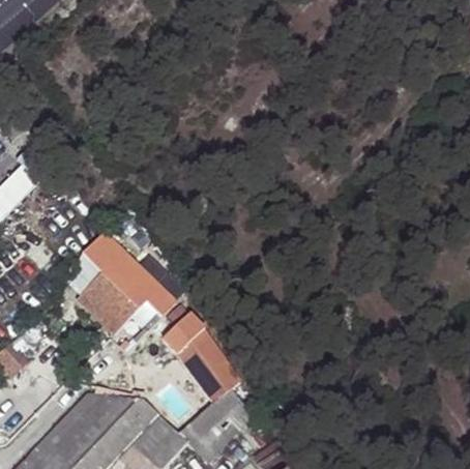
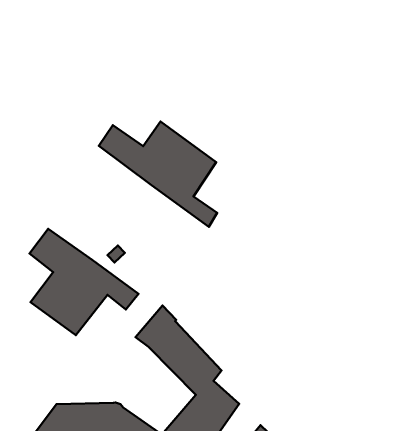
building: none -> [99,122,217,227]

